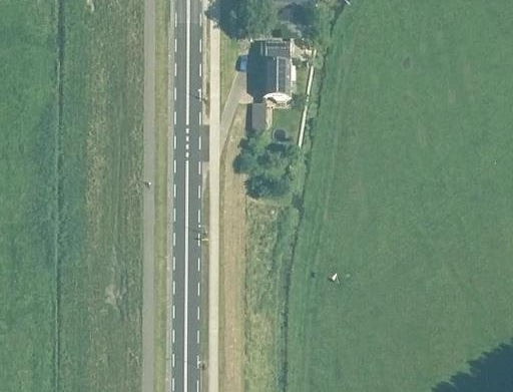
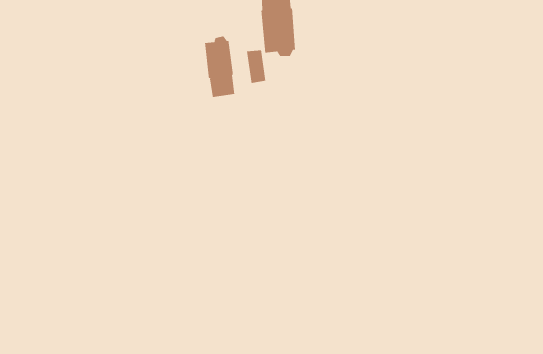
building: none -> [205,36,235,98]

